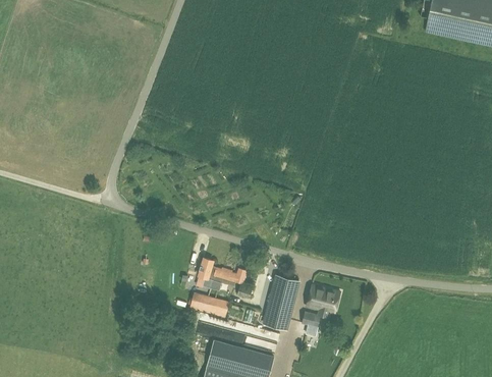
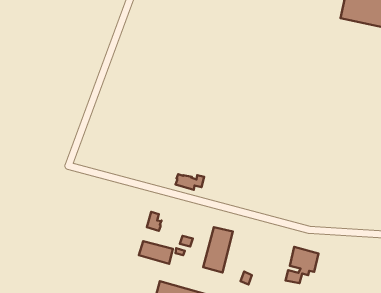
building: [212,267,245,285] -> [175,174,204,190]
building: [300,283,339,326] -> [286,247,319,283]

